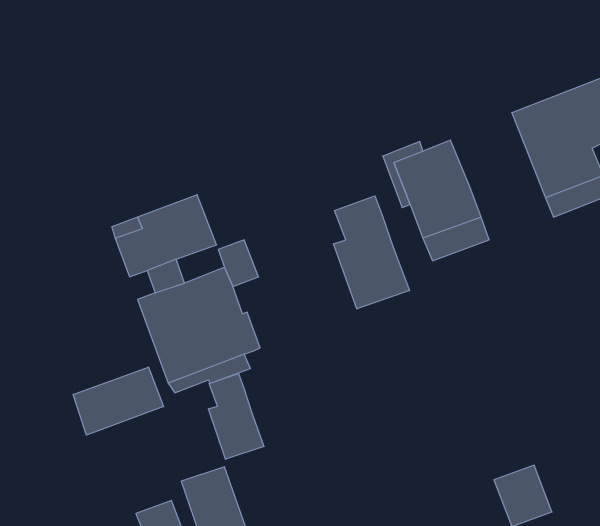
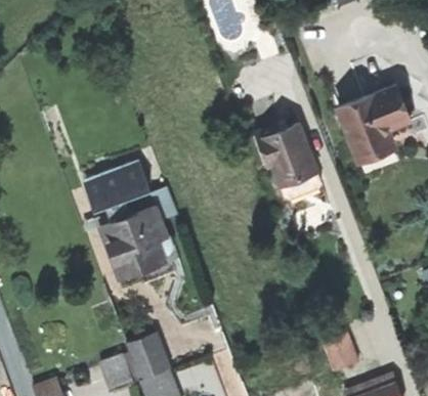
building: [334,196,410,309] -> none
building: [73,367,164,435] -> none
building: [208,373,264,459] -> none

